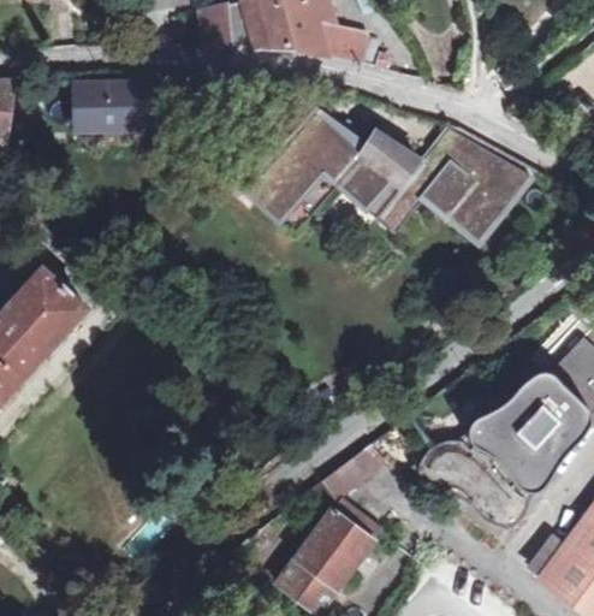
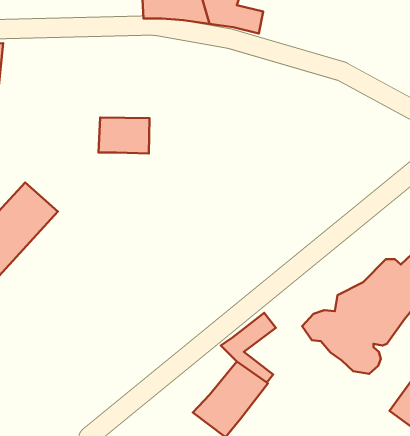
building: [66,77,136,126] -> [98,117,150,154]
building: [260,122,527,231] -> none

